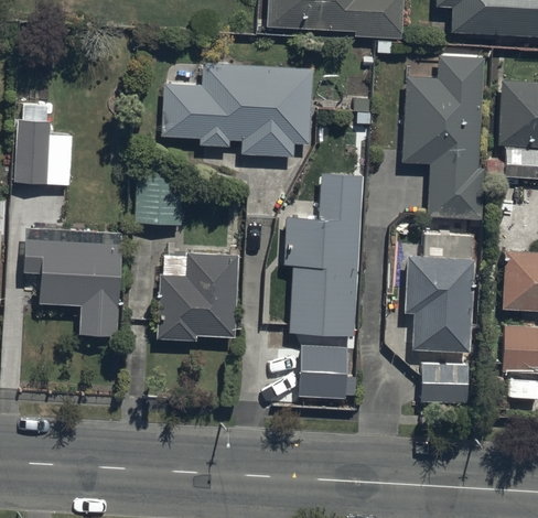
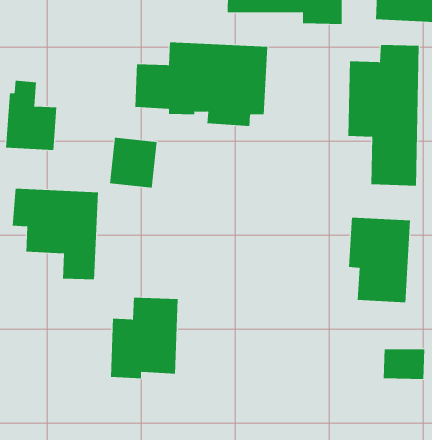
building: [287,175,366,343] -> none
building: [157,247,235,341] -> [110,297,179,379]
building: [297,344,345,397] -> none
building: [418,363,466,398] -> [383,349,425,380]

